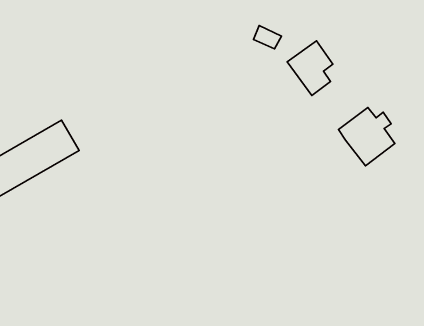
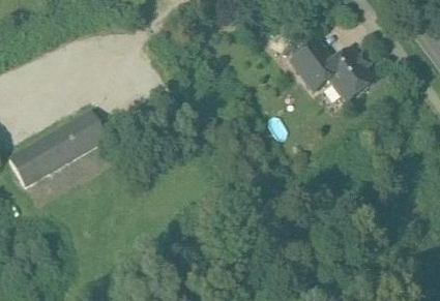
building: [339,107,395,166] -> [323,49,373,100]

